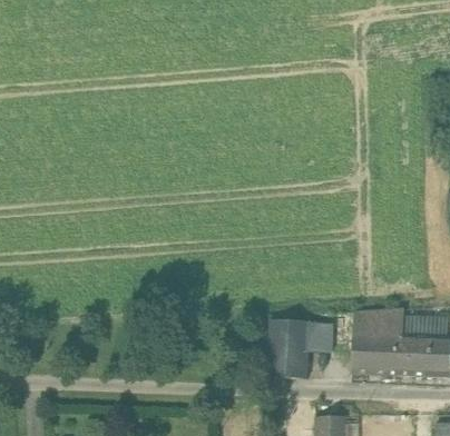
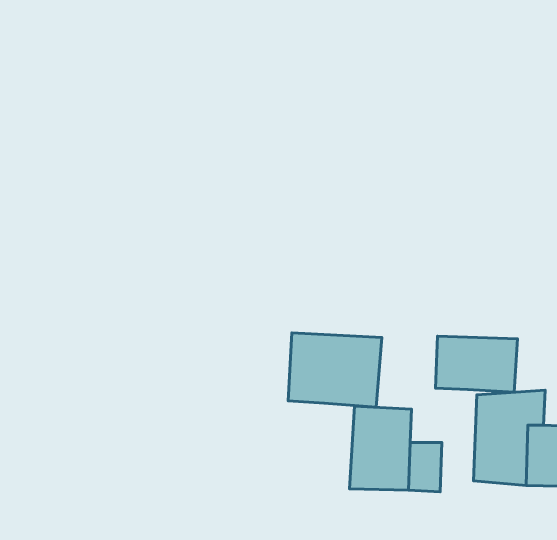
building: none -> [288,333,382,407]
building: none -> [436,336,518,392]

